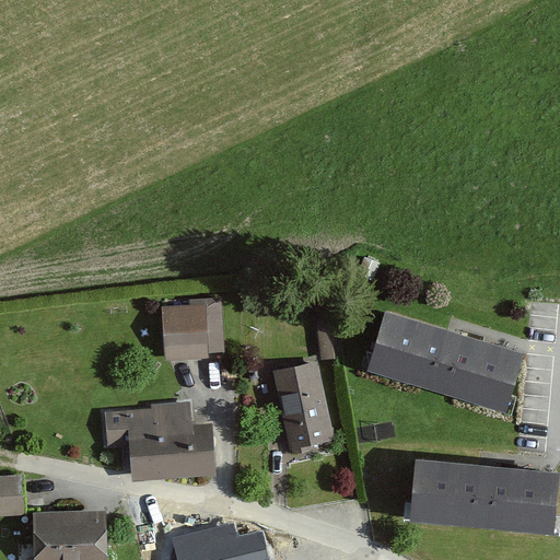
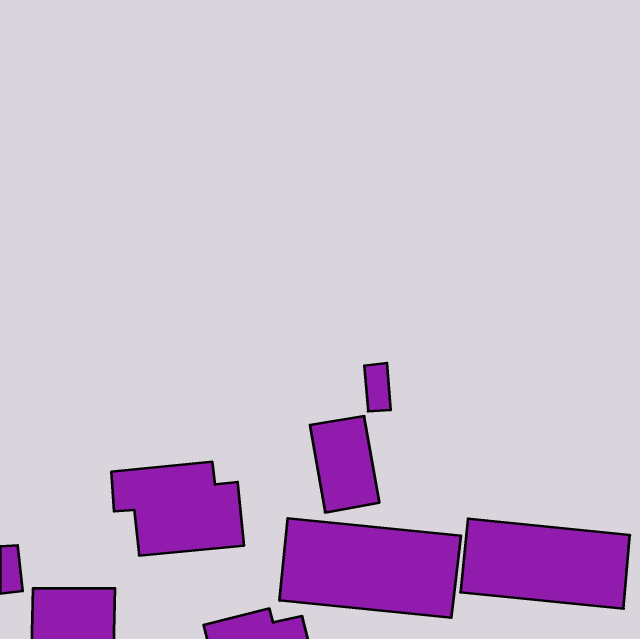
building: [163,302,226,360] -> none
building: [359,306,520,411] -> none
building: none -> [280,518,461,618]

